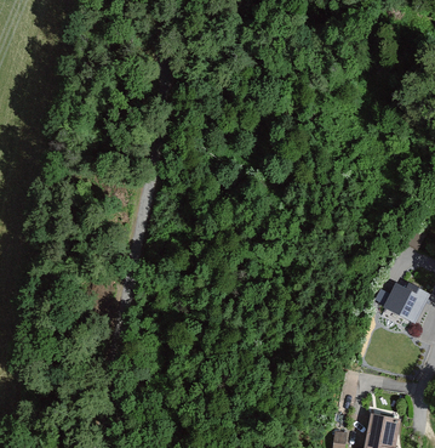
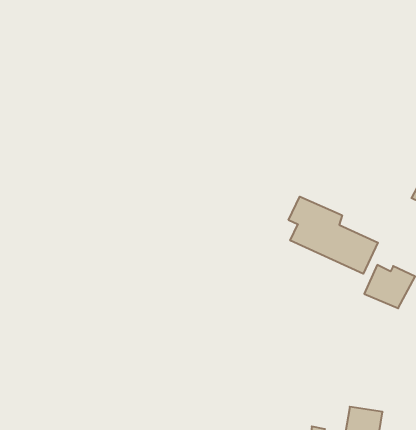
building: none -> [289,197,378,274]

